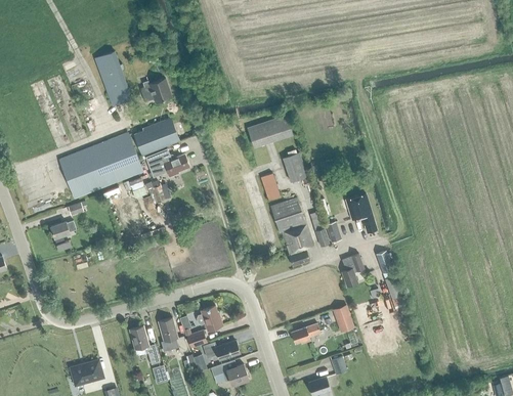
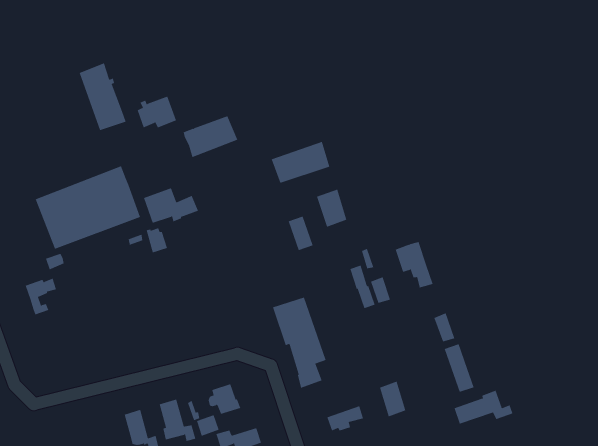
building: [136,123,180,157] -> [183,115,238,158]
building: [269,194,312,267] -> [272,297,326,388]
building: [341,255,362,287] -> none
building: none -> [454,390,513,425]

